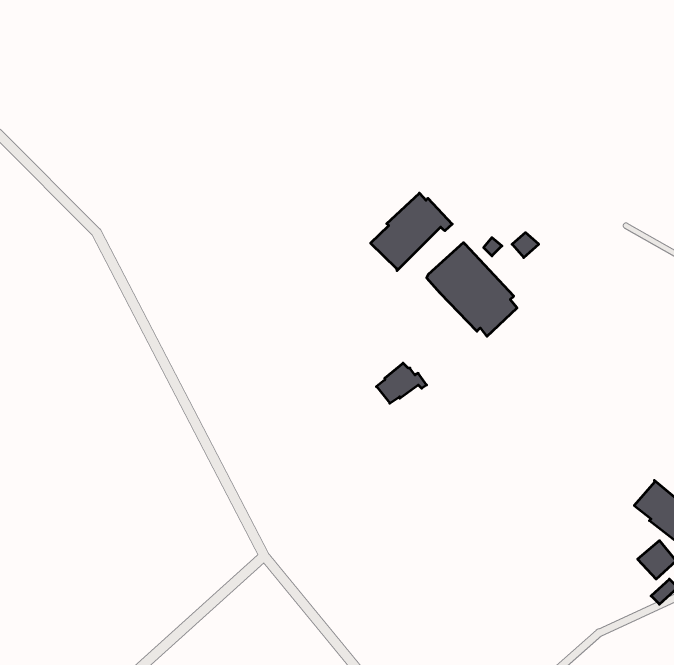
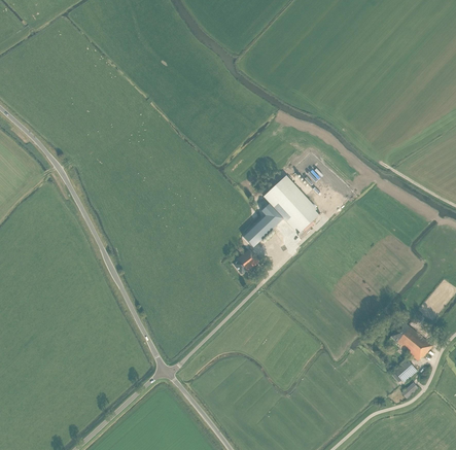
building: [371,193,452,271] -> none
building: none -> [242,219,271,247]

